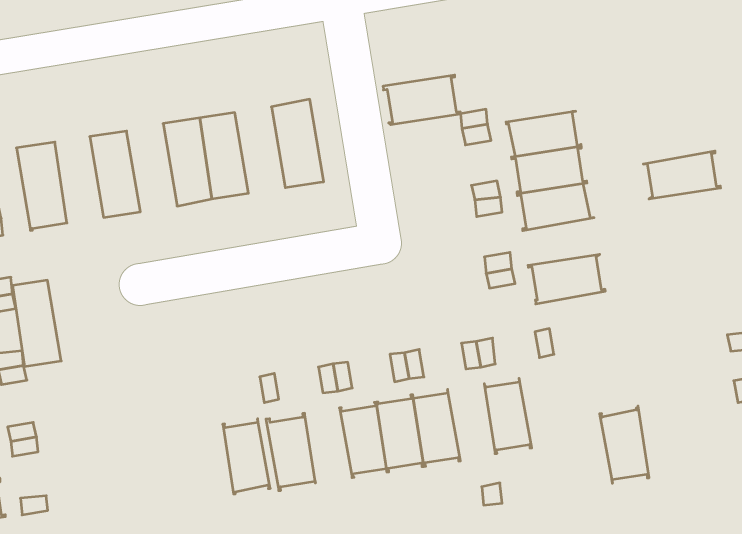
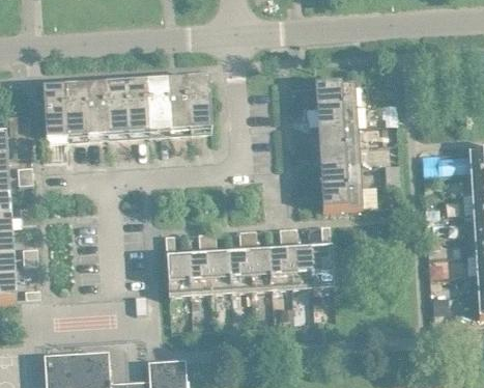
building: [383,75,460,125] -> [315,83,357,107]
building: none -> [167,85,191,132]
building: none -> [106,88,130,136]
building: [643,151,721,199] -> [320,165,362,188]
building: [13,280,61,367] -> [65,91,88,138]
building: none -> [269,251,292,293]
building: [600,406,649,483] -> [310,248,334,289]
building: [223,419,270,494] -> [189,256,211,297]

